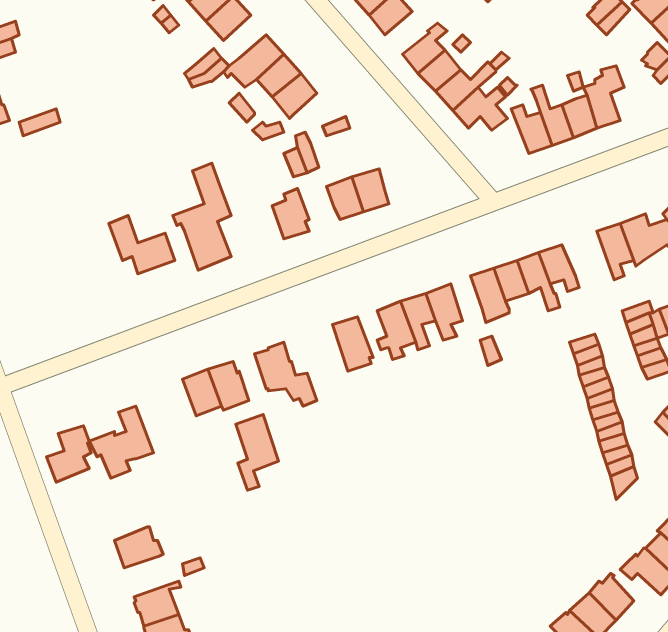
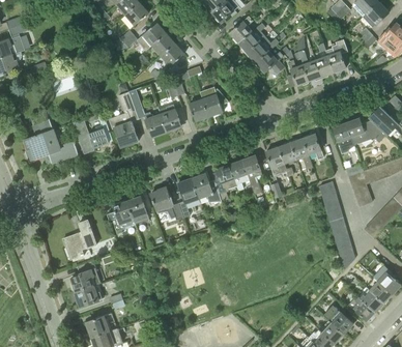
building: none -> [132,98,166,136]
building: none -> [24,119,78,164]
building: [236,414,279,490] -> [177,176,200,216]
building: [47,426,91,482] -> [70,261,94,291]

